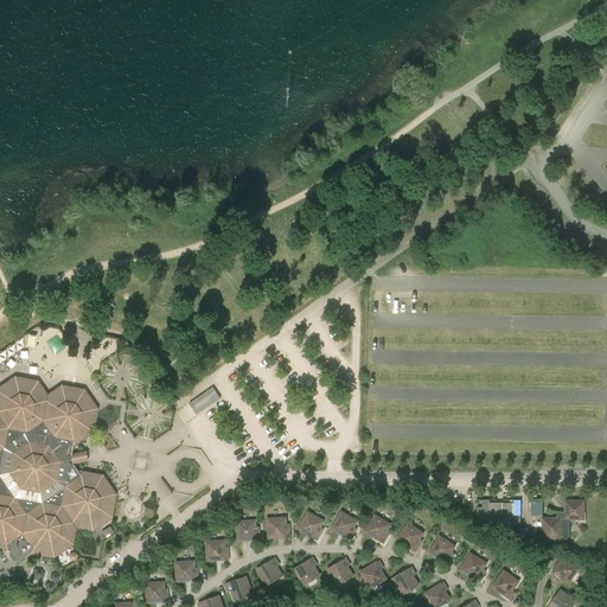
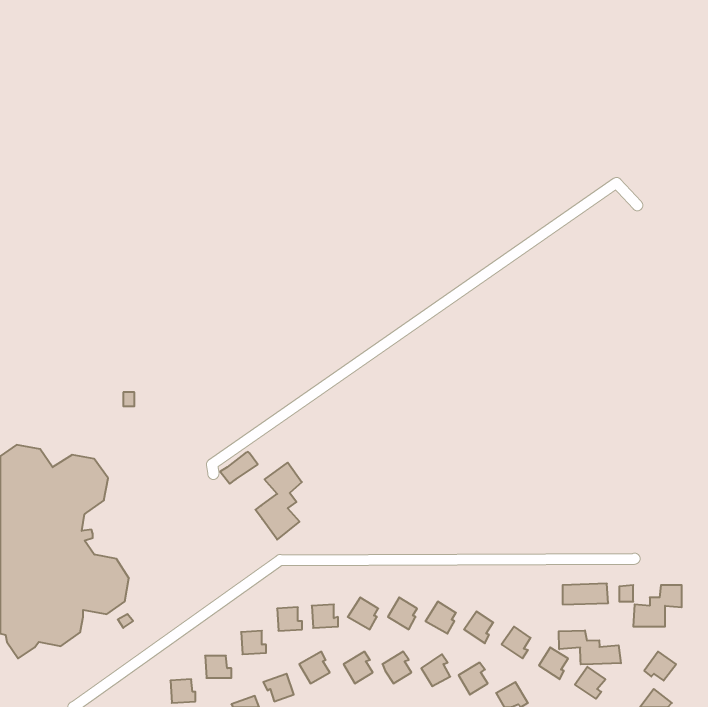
building: none -> [255,463,302,540]
building: none -> [559,630,621,664]

